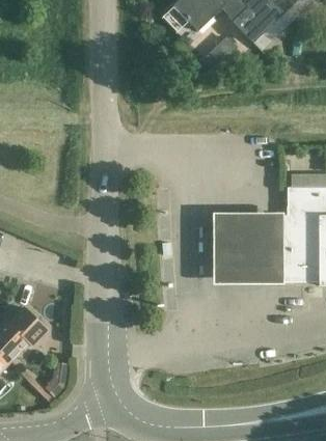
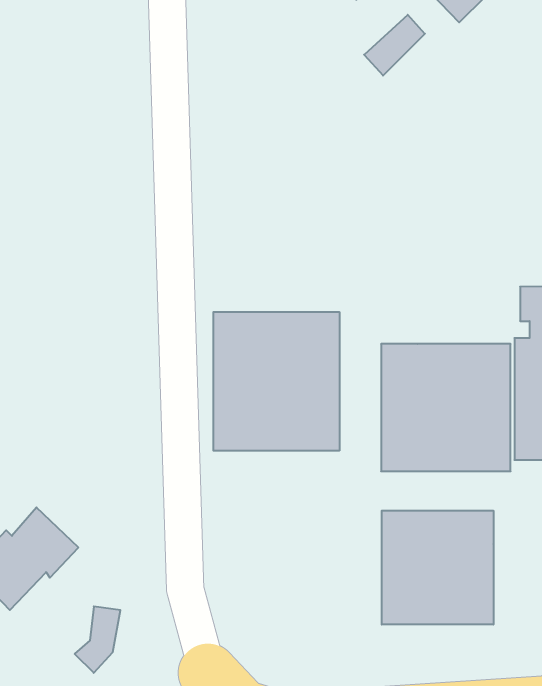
building: none -> [213,312,339,451]
building: none -> [382,511,493,625]

